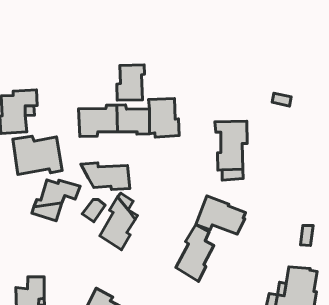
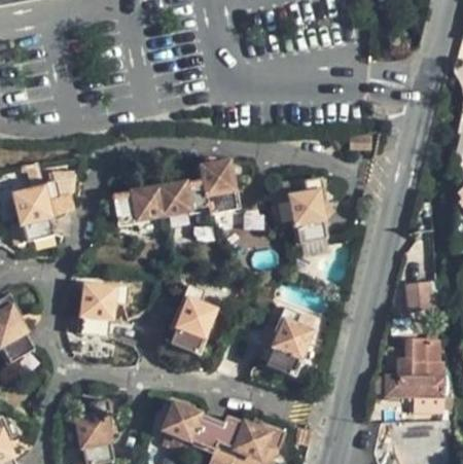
building: [117,65,145,100] -> none
building: [13,136,62,174] -> none
building: [81,163,130,189] -> none
building: [196,196,245,234] -> none

